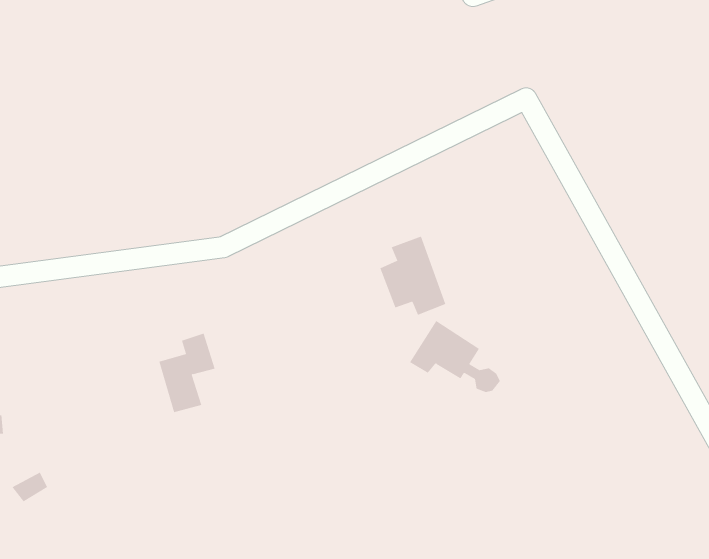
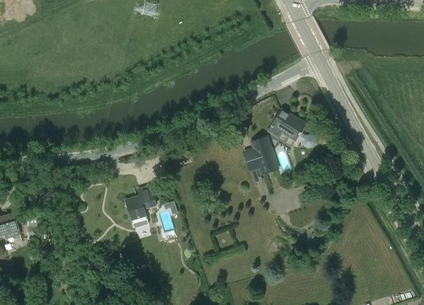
building: [409,320,501,393] -> [267,109,315,147]

